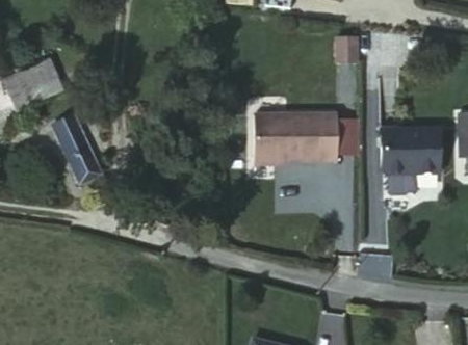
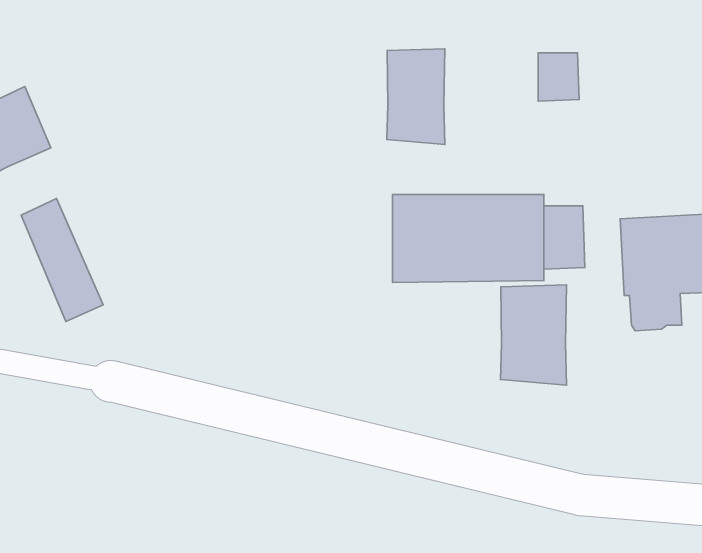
building: none -> [387,49,445,145]
building: none -> [500,285,566,385]

